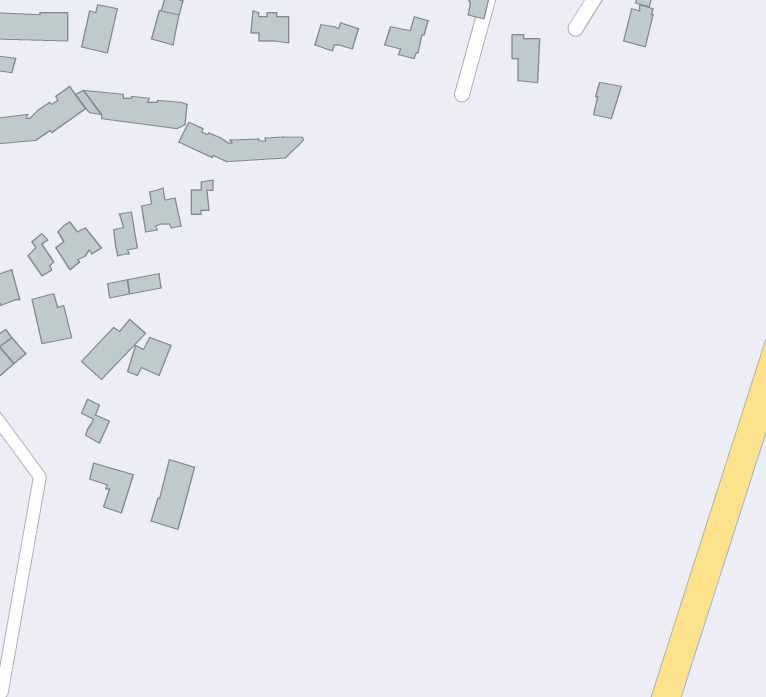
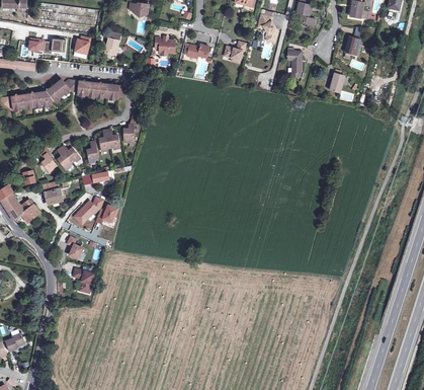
building: [179,122,303,162] -> none
building: [151,460,194,529] -> none

